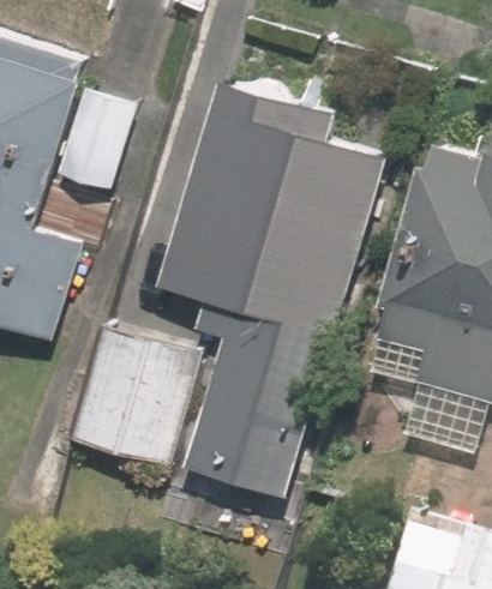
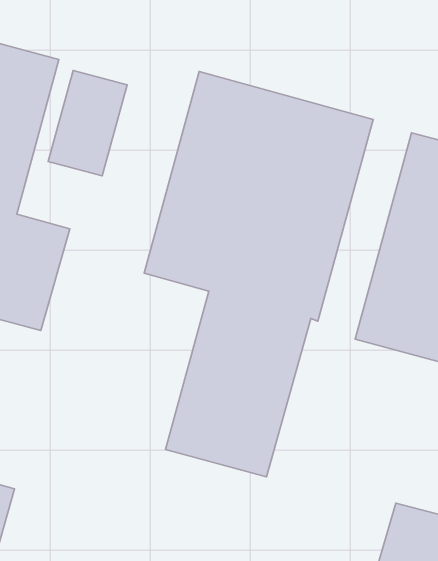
building: [73,325,202,467] -> none

